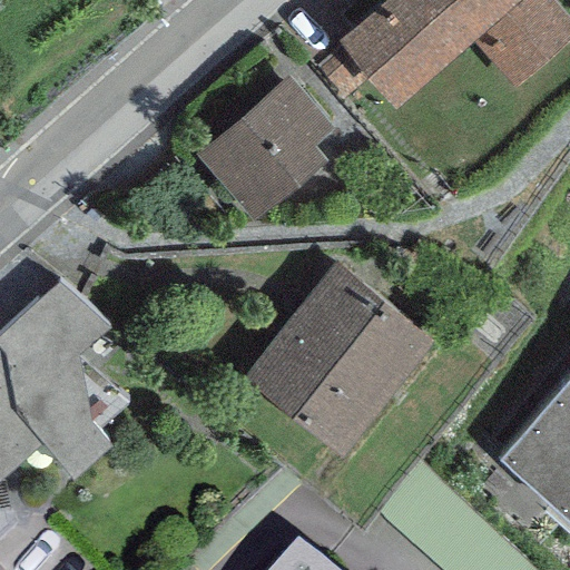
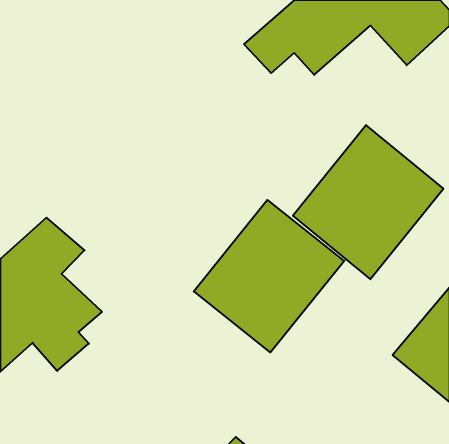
building: [195,75,330,220] -> none
building: none -> [293,125,443,279]

